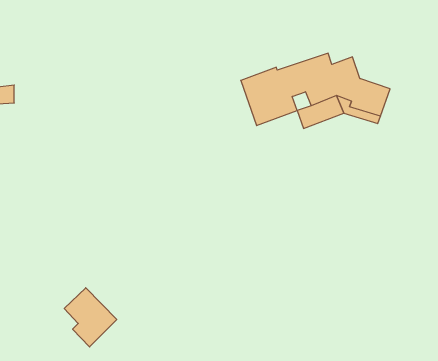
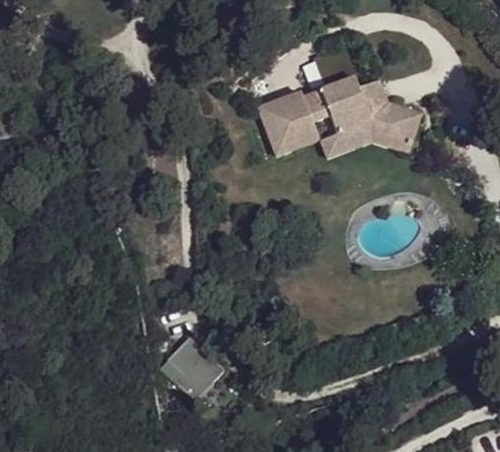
building: [64,288,117,347] -> [163,334,219,398]

